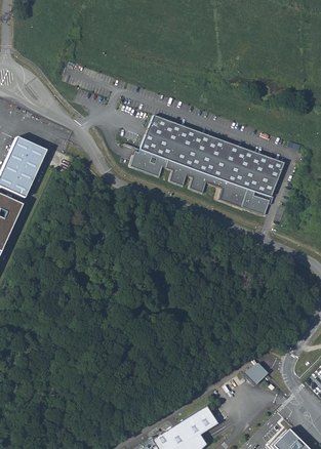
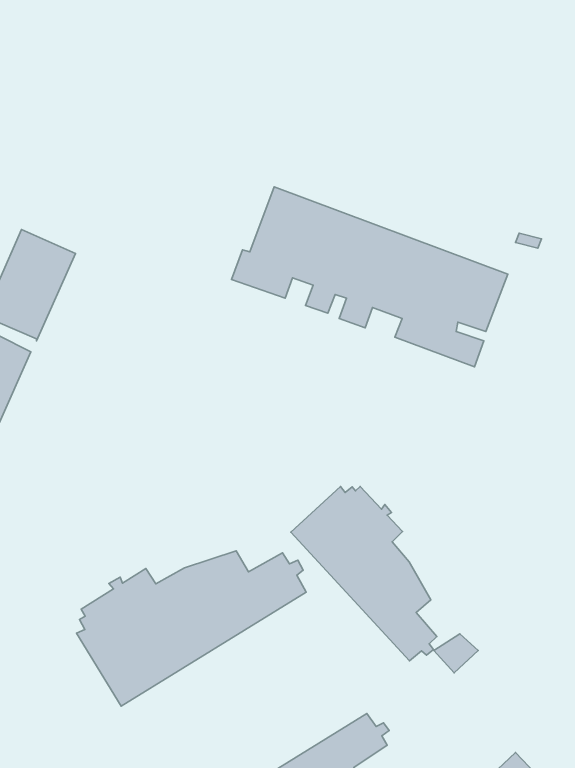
building: none -> [291,486,437,661]
building: none -> [77,551,306,706]

